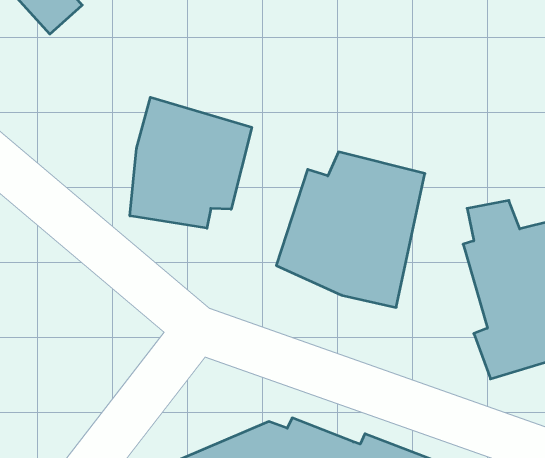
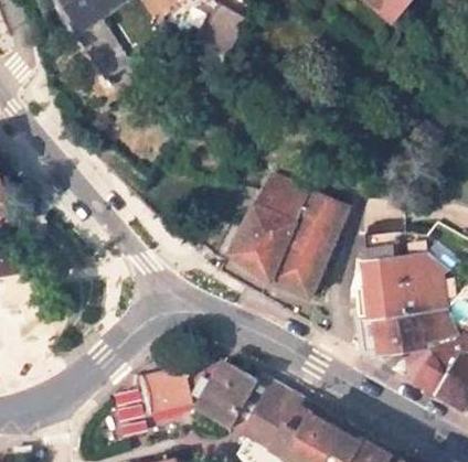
building: [130,97,252,228] -> none

